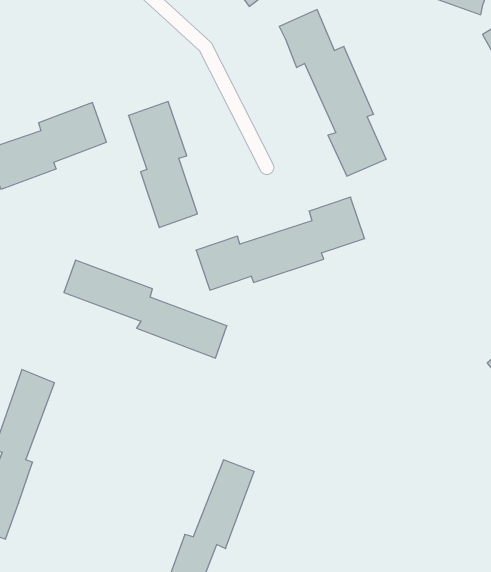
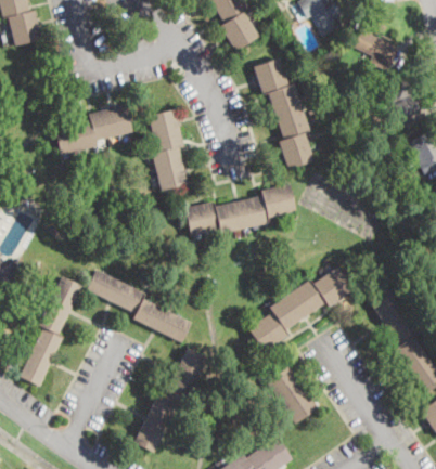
building: [64,260,227,358] -> [86,270,191,343]
building: none -> [247,269,352,352]
building: none -> [265,366,317,425]

